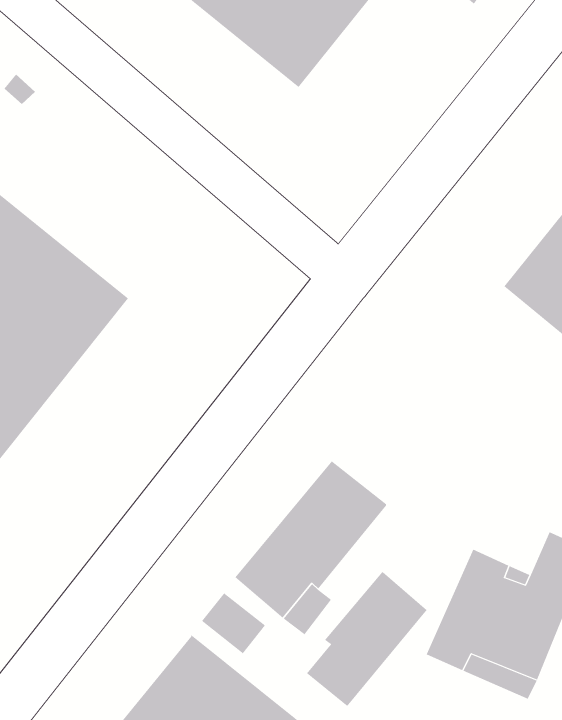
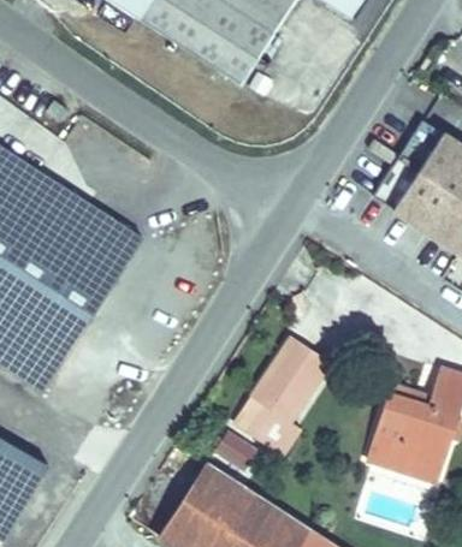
building: [306,571,427,707] -> none

